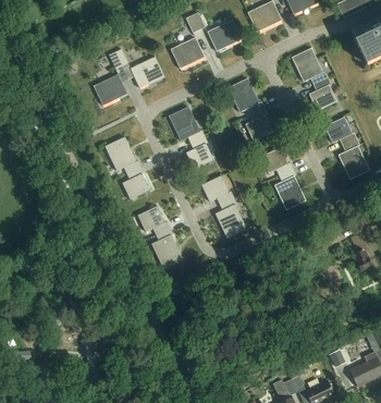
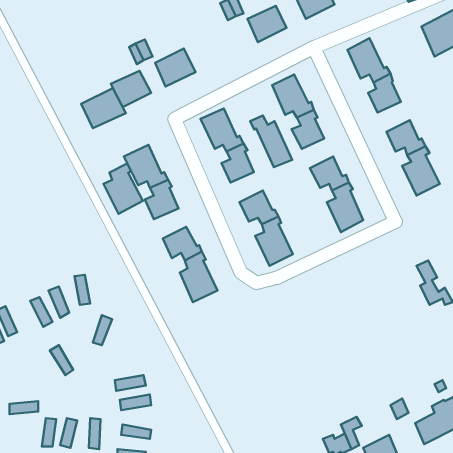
building: [170,38,204,69] -> none
building: none -> [81,88,126,128]
building: none -> [250,115,292,167]
building: none -> [104,163,143,214]

